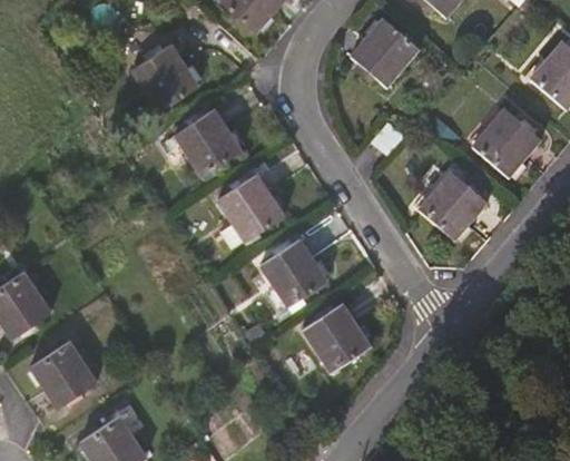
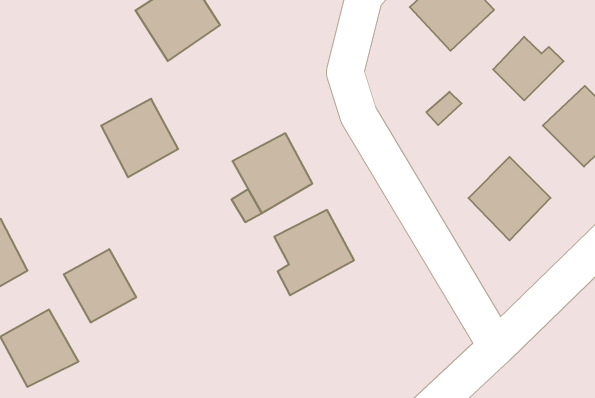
building: none -> [493,37,564,100]
building: [171,107,238,175] -> [101,99,178,177]
building: none -> [64,249,136,323]
building: [297,294,364,361] -> none

